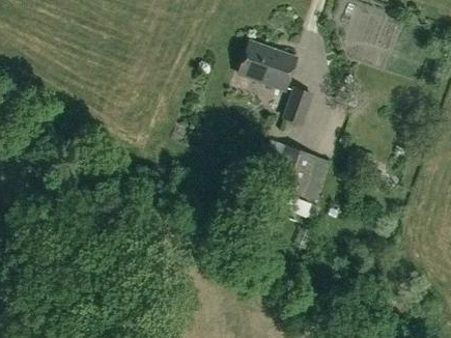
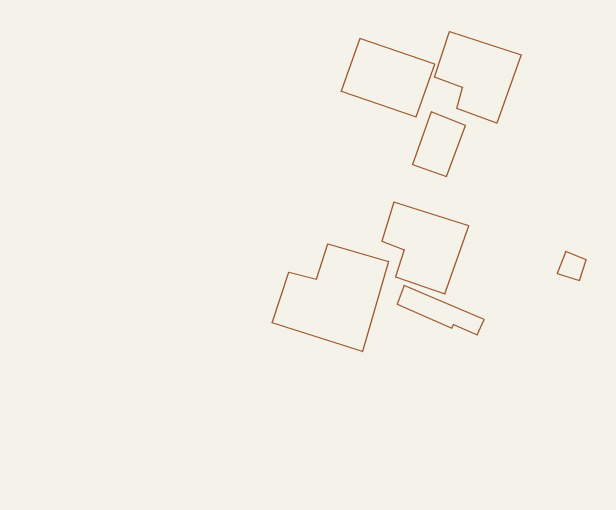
building: none -> [435,32,521,123]
building: none -> [272,244,388,352]

